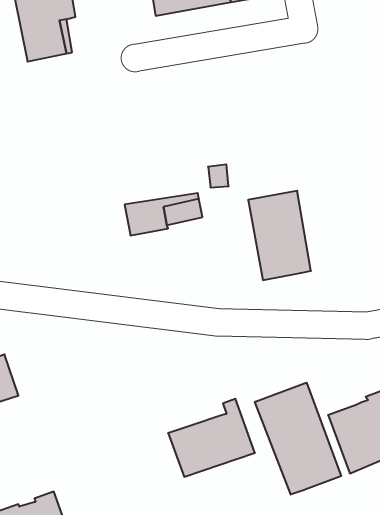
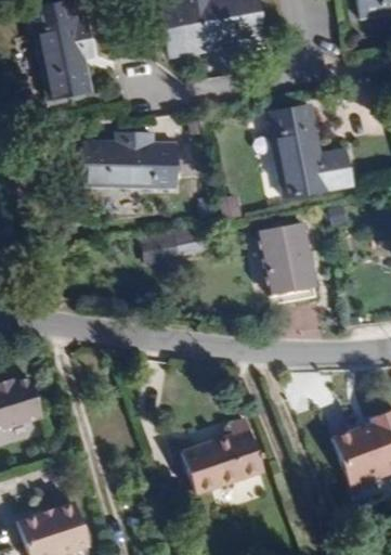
building: none -> [269,103,352,196]
building: none -> [83,131,177,186]
building: [255,383,341,495] -> none

